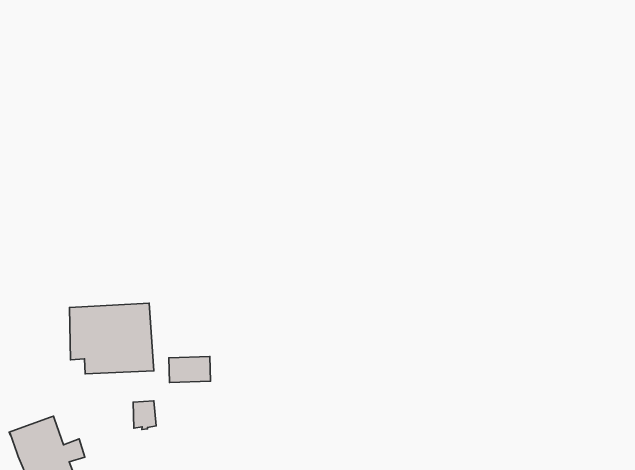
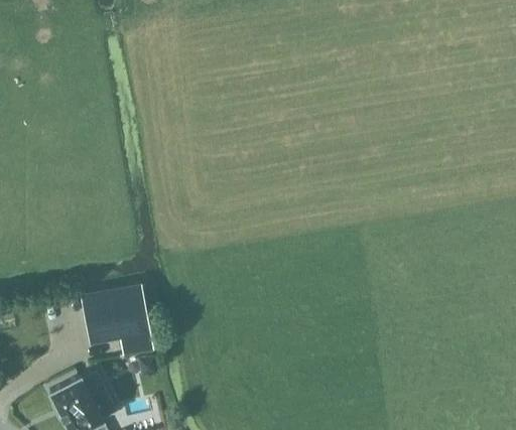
building: [169,357,211,383] -> [120,334,153,357]

